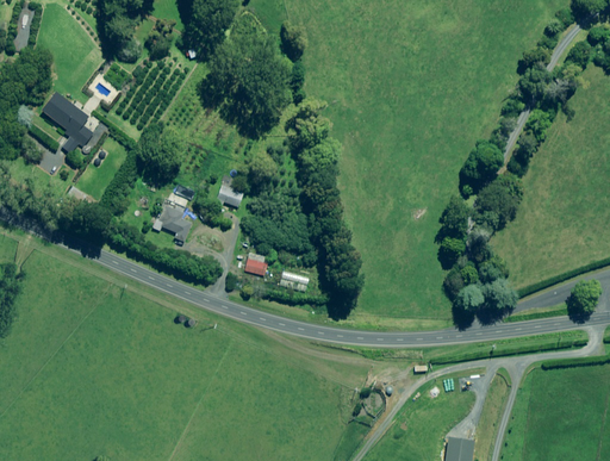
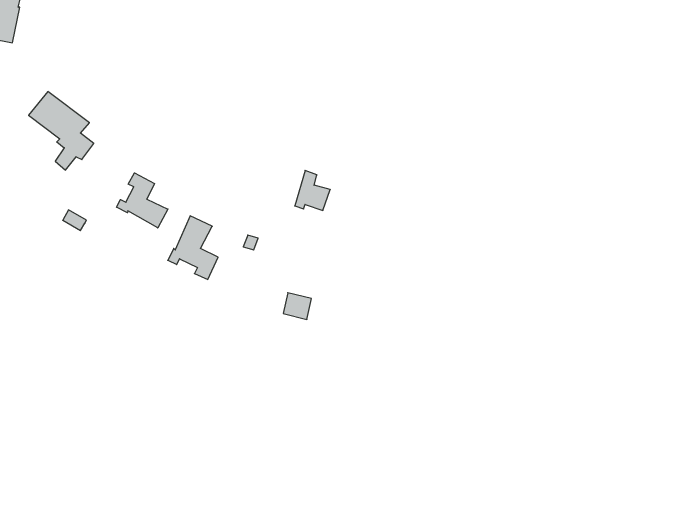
building: none -> [117,173,168,228]
building: [216,174,244,206] -> [295,170,330,210]

